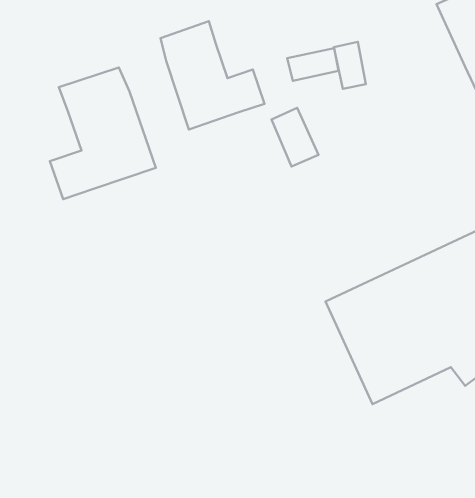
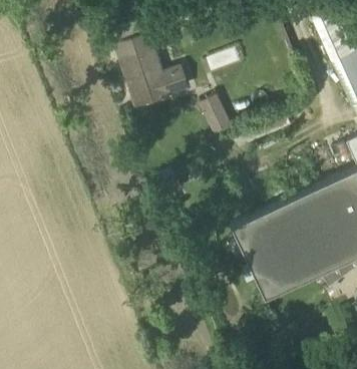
building: [334,42,366,89] -> none
building: [50,68,156,199] -> none

